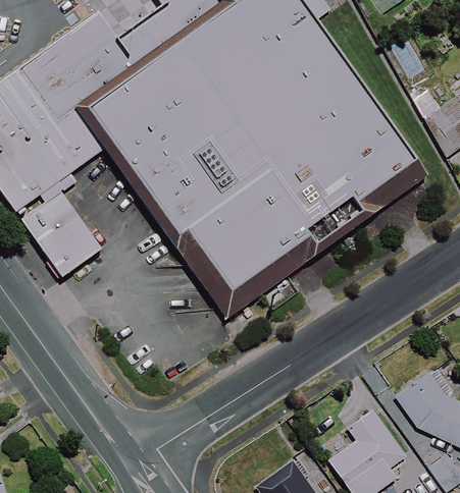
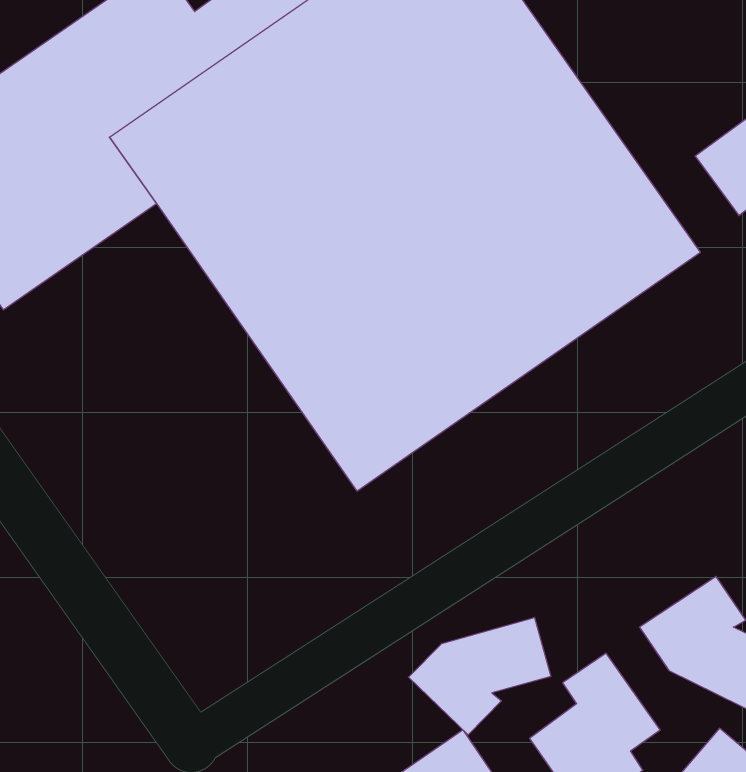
building: [29,191,108,277] -> none
building: none -> [408,617,551,735]

